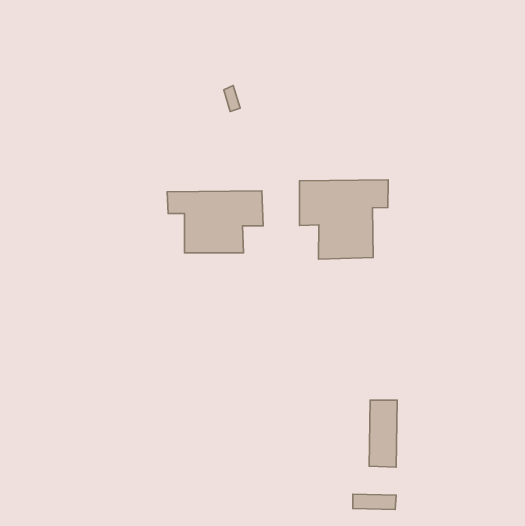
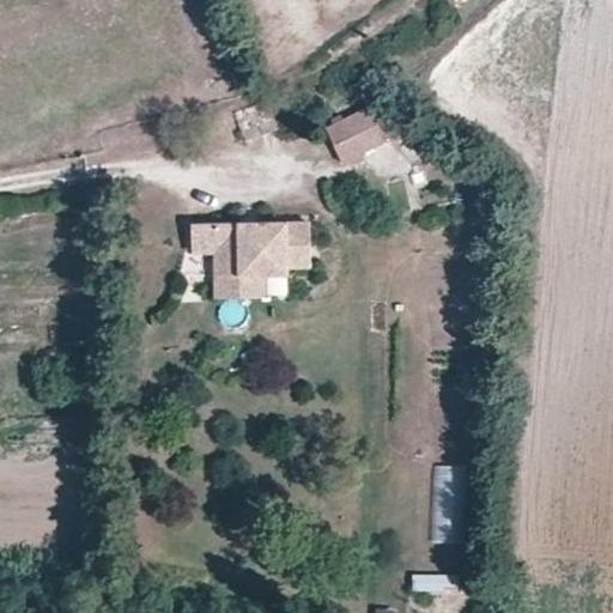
building: none -> [327,111,388,164]
building: [299,180,388,259] -> none

